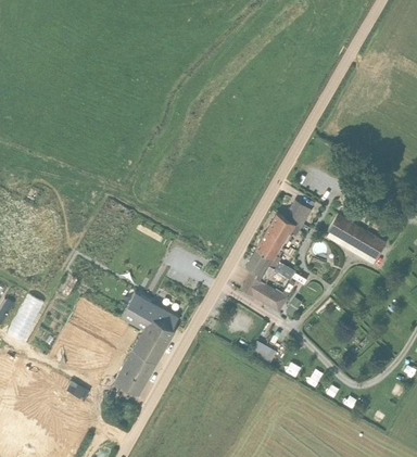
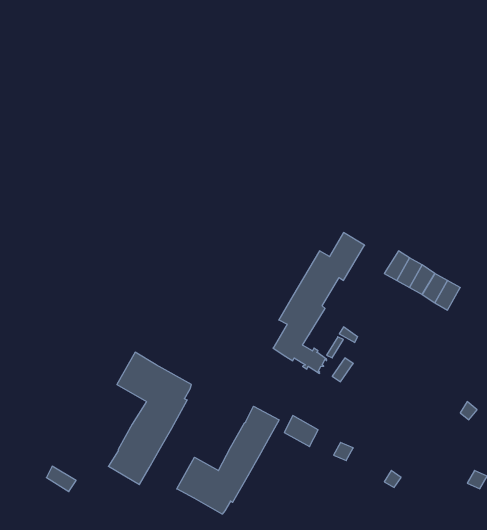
building: none -> [177,406,279,514]

